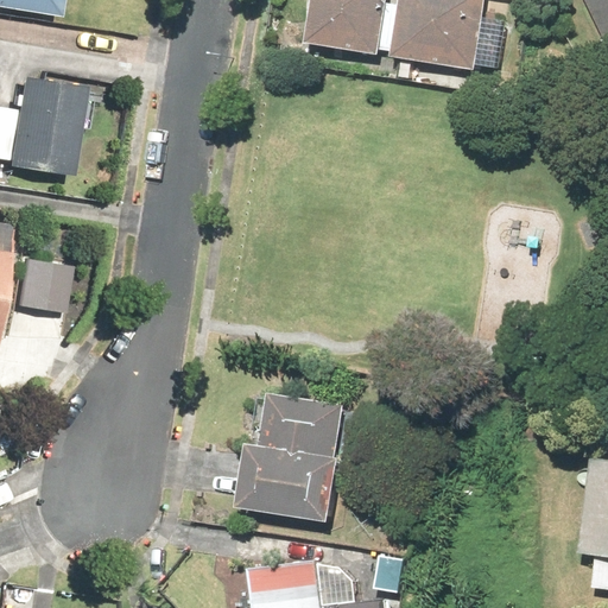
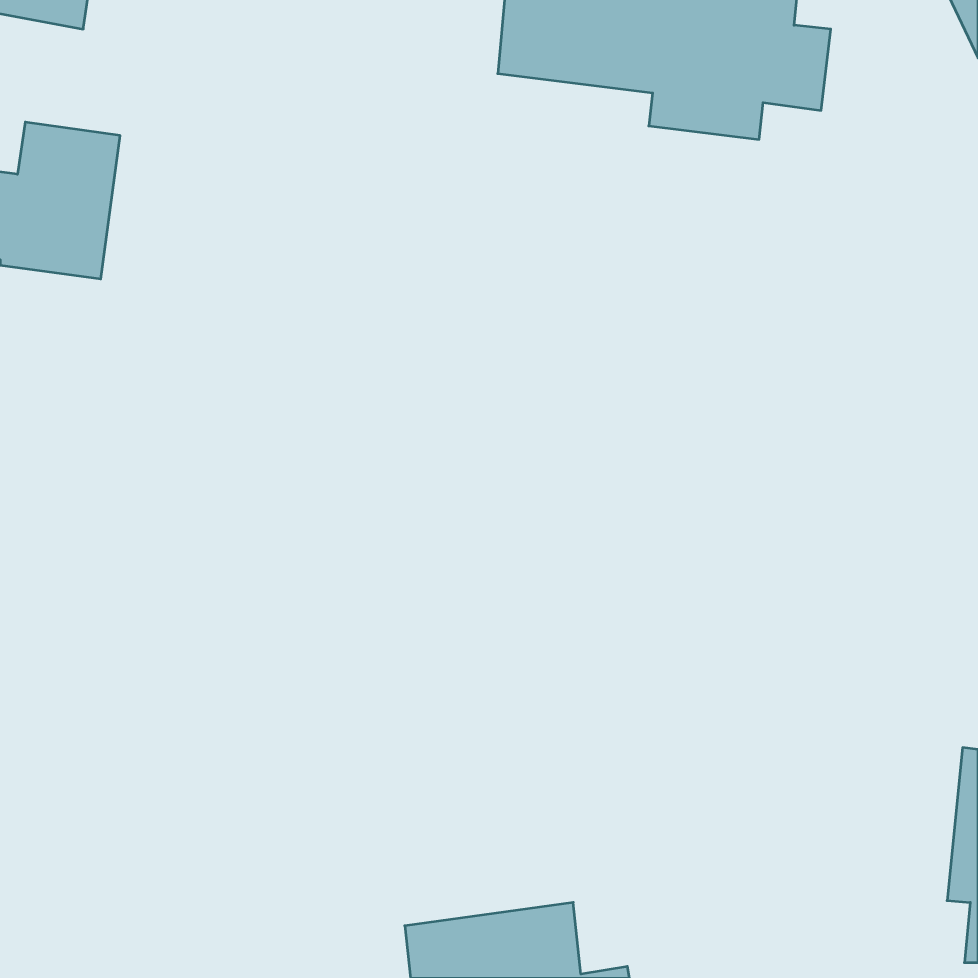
building: [13,258,64,309] -> none
building: [240,390,350,522] -> none

